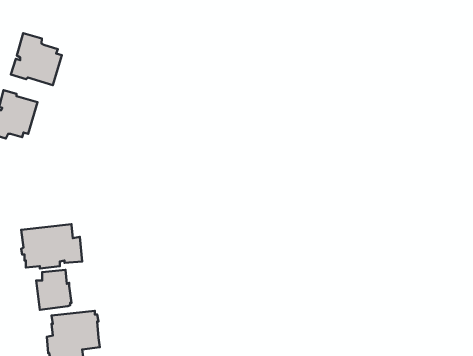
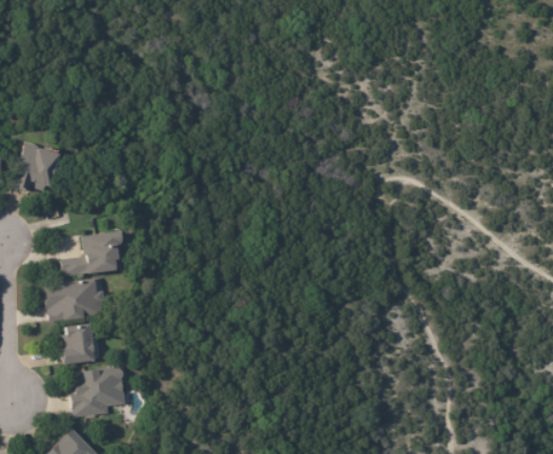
building: [11,33,62,85] -> none
building: none -> [59,230,123,275]

